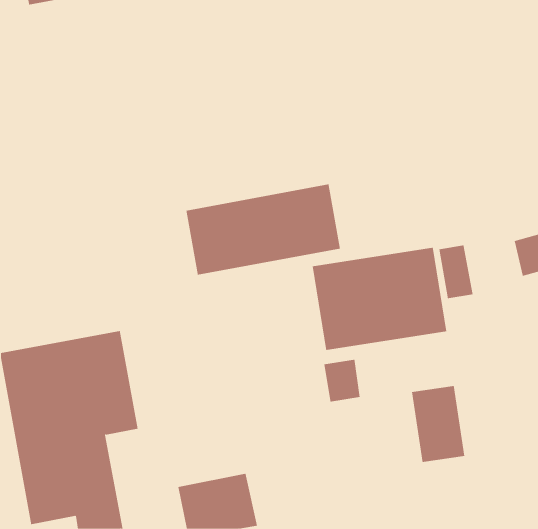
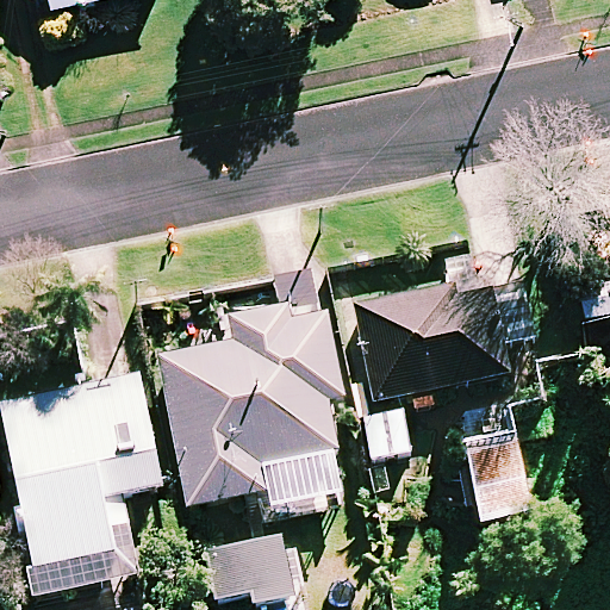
building: [186,184,340,276] -> none
building: none -> [158,300,341,513]

